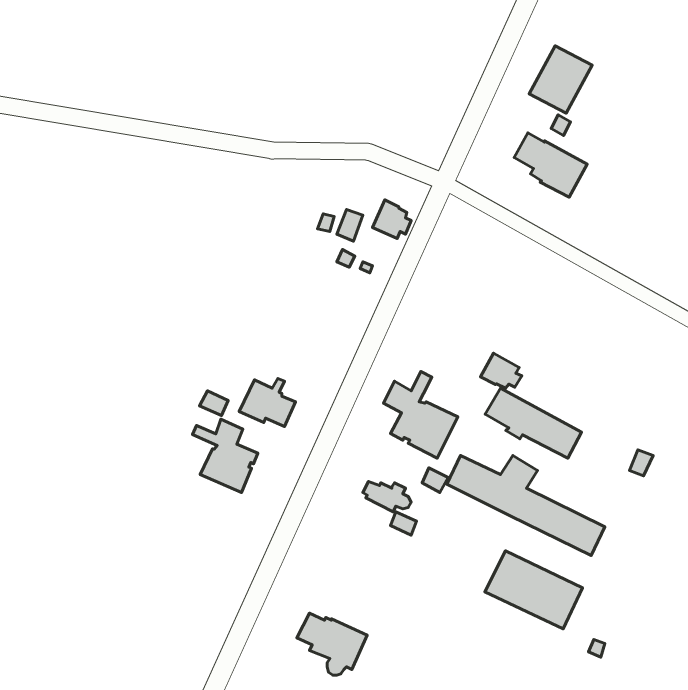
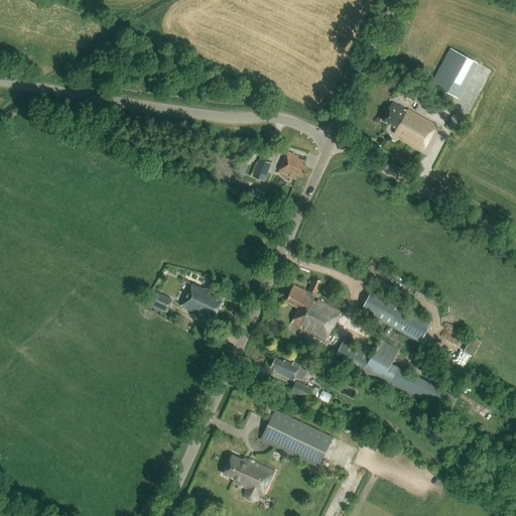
building: [529,46,592,113] -> [431,47,478,97]
building: [481,353,522,388] -> none
building: [192,419,258,493] -> none
building: [485,551,583,629] -> [260,409,332,467]

